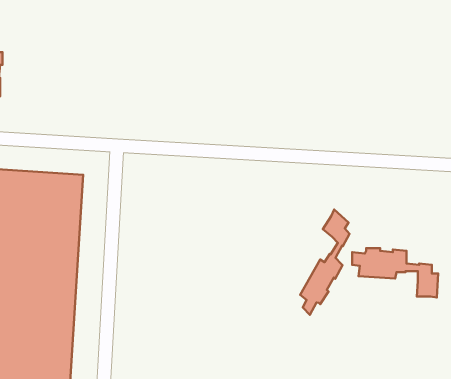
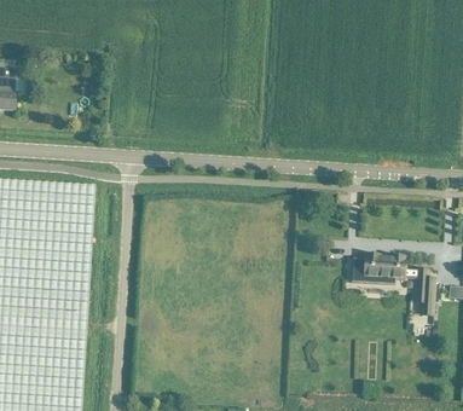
building: [300,210,350,315] -> none

